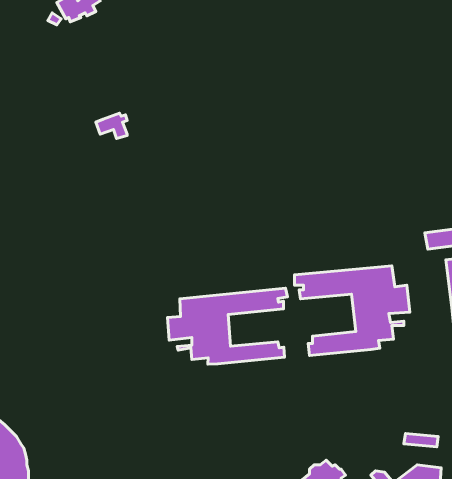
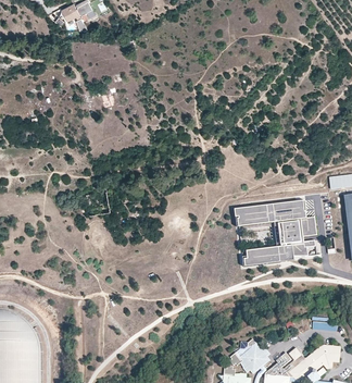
building: [167,288,287,364] -> none

